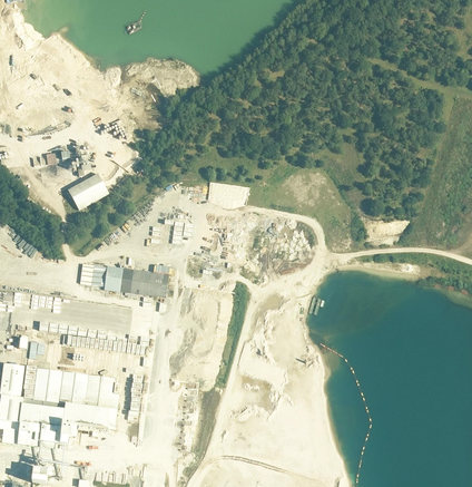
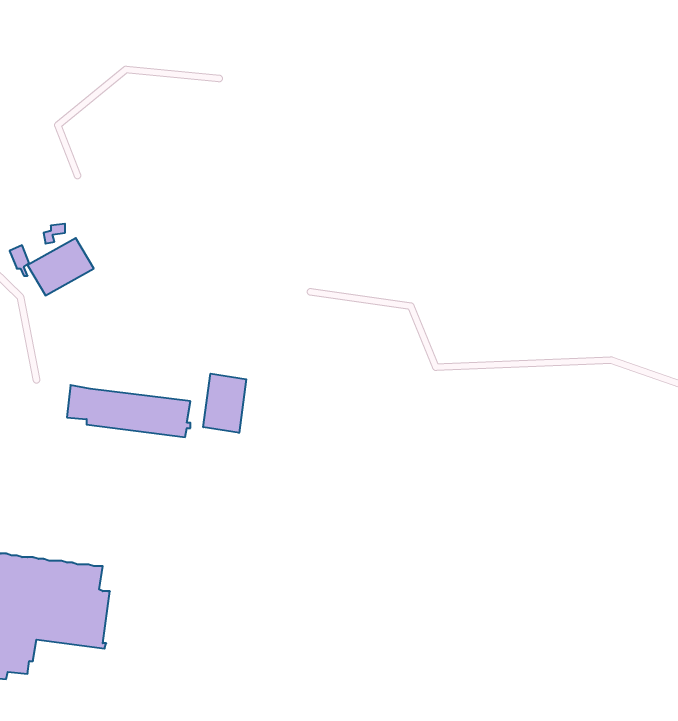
building: none -> [203,374,246,433]

